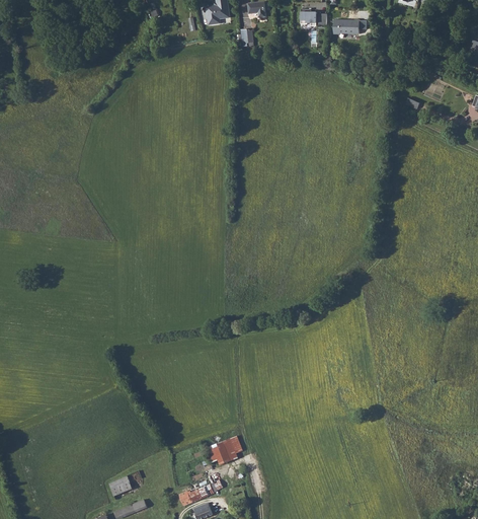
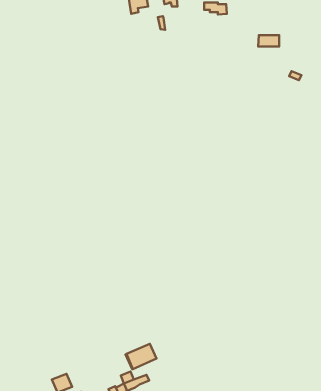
building: [333,18,360,32] -> [258,35,279,46]

